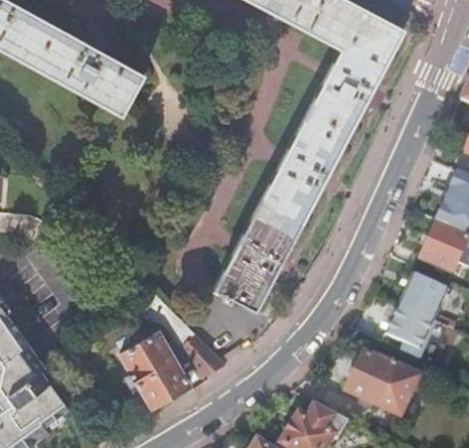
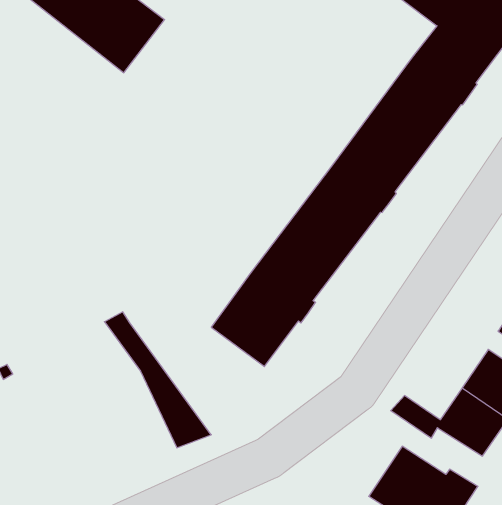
building: [120,333,189,409] -> none

